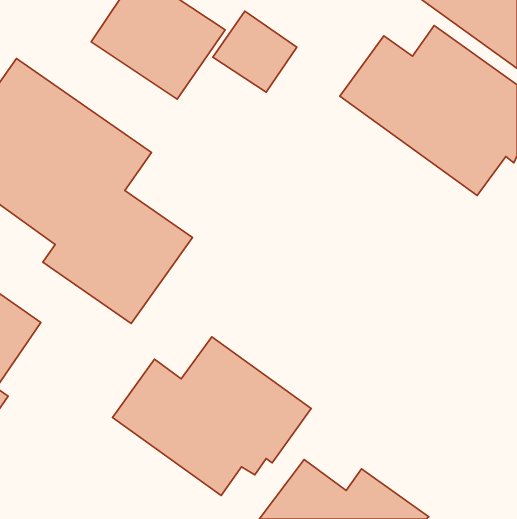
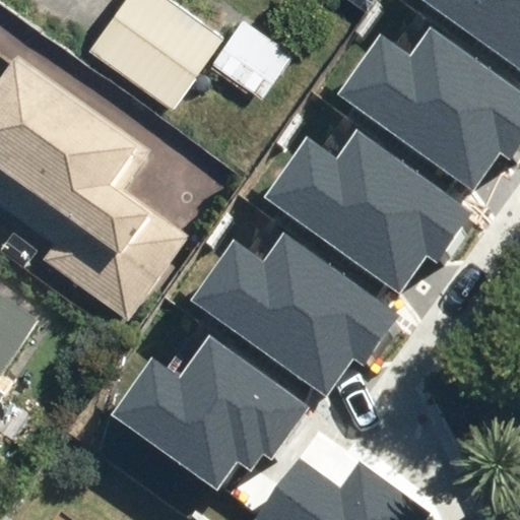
building: none -> [263,128,473,292]
building: none -> [190,236,397,395]

